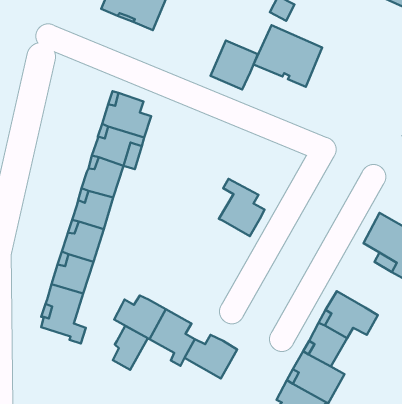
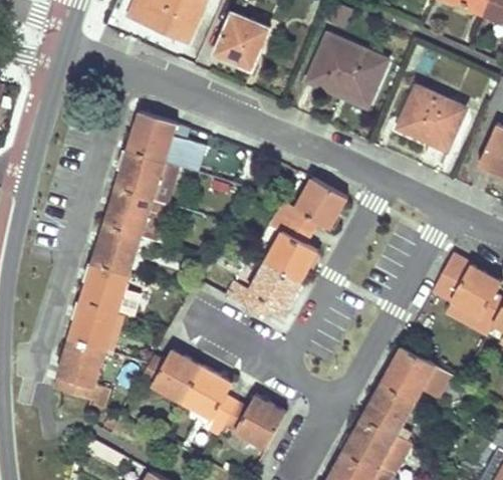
building: [211,41,258,89] -> [214,12,269,69]
building: none -> [398,86,464,149]
building: none -> [275,179,346,234]
building: none -> [225,262,300,317]
building: [113,326,148,370] -> none

